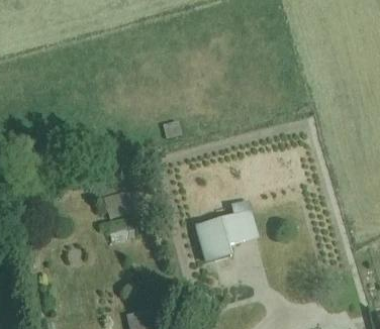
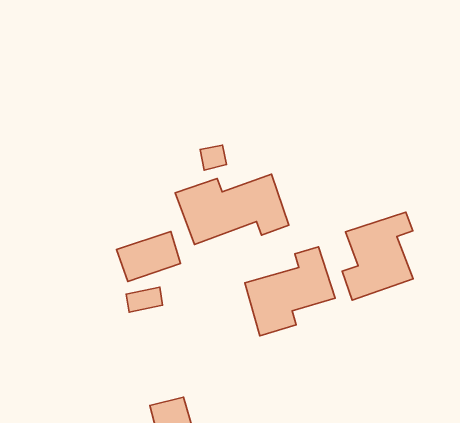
building: none -> [175,174,289,244]
building: none -> [342,212,413,300]

